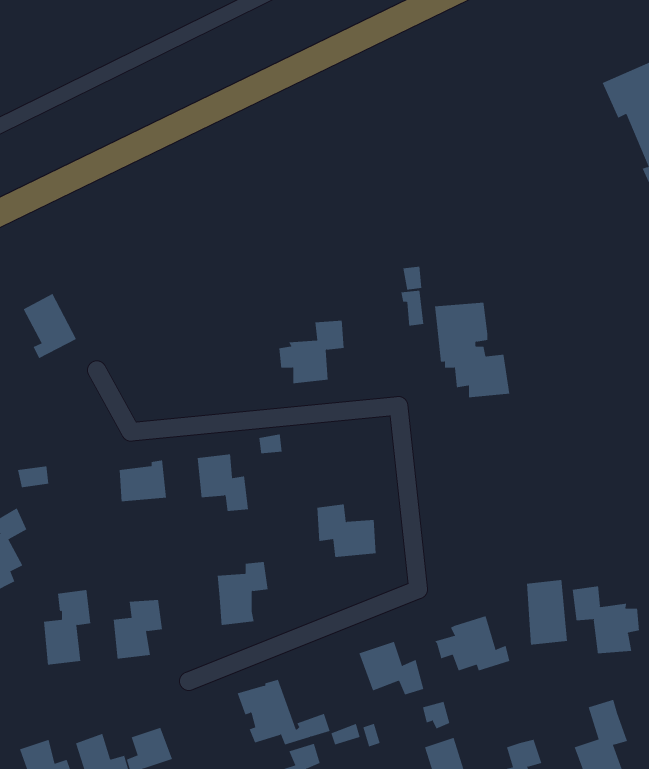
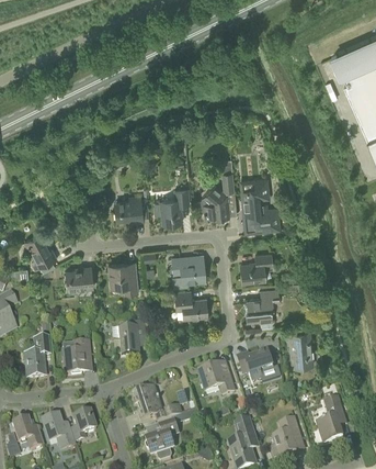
building: [23,293,77,359] -> [25,233,55,269]
building: none -> [200,188,229,219]
building: none -> [114,197,143,222]
building: none -> [240,254,272,283]
building: none -> [172,257,204,283]
building: none -> [244,290,280,322]
building: [572,586,640,654] -> none

